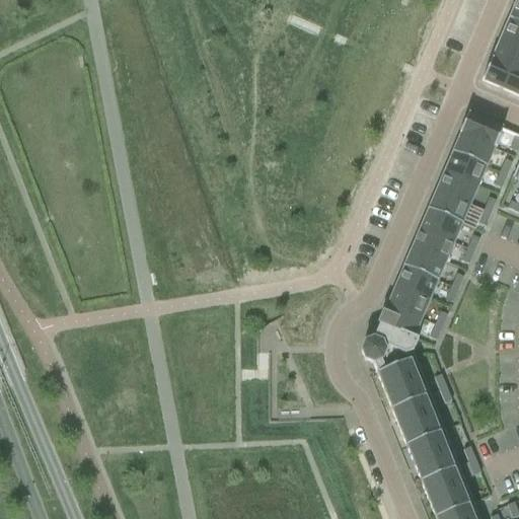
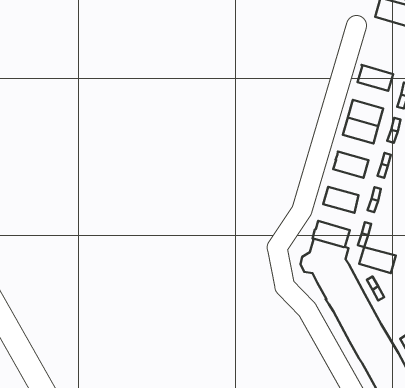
building: [459,112,503,147] -> none
building: [444,151,486,184] -> none
building: [420,209,461,241] -> none
building: [403,246,445,280] -> none
building: [387,285,430,318] -> [359,247,396,273]

